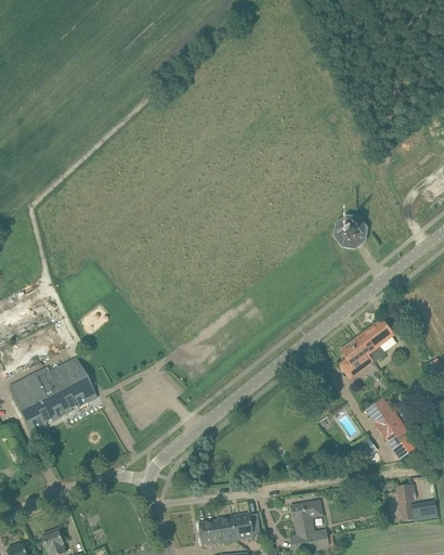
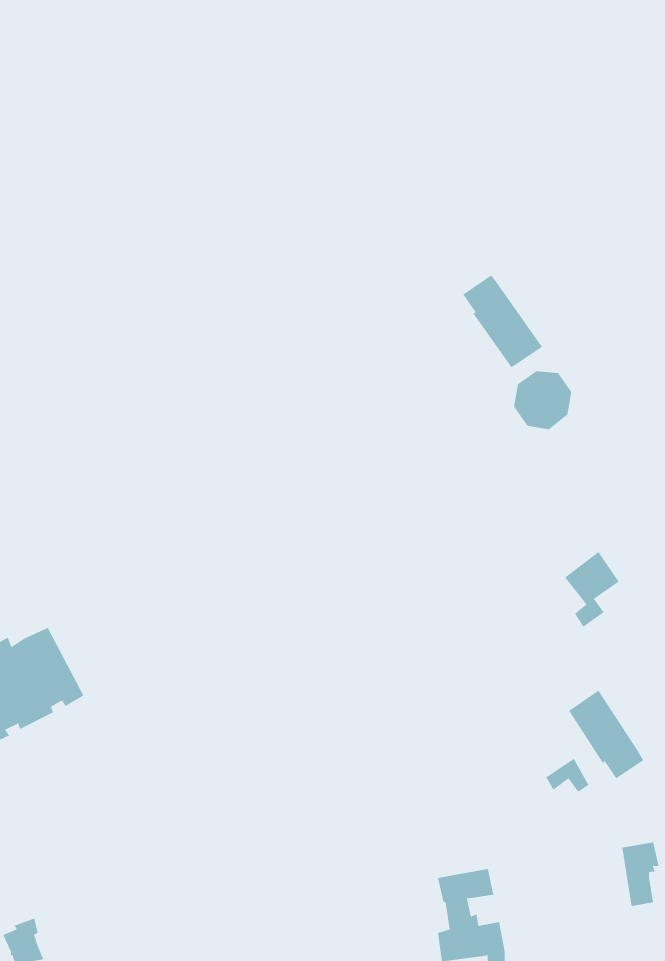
building: none -> [463,274,543,368]
building: [339,333,375,373] -> none
building: [198,512,253,543] -> none

